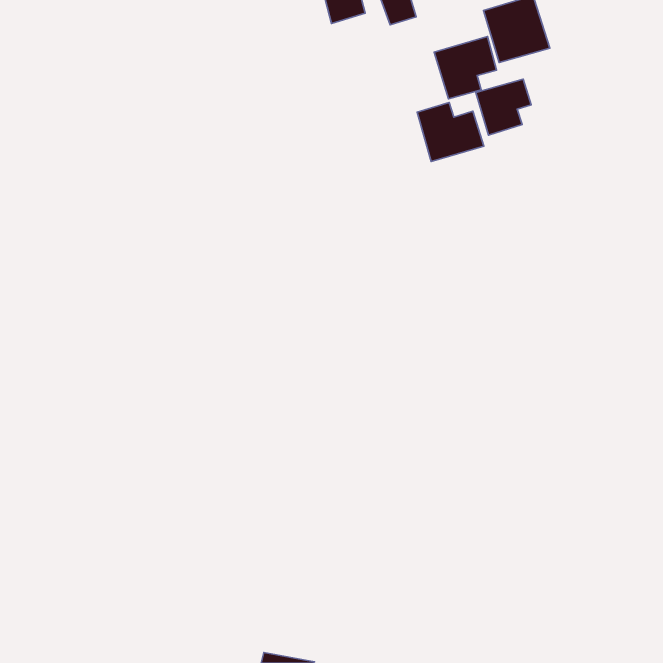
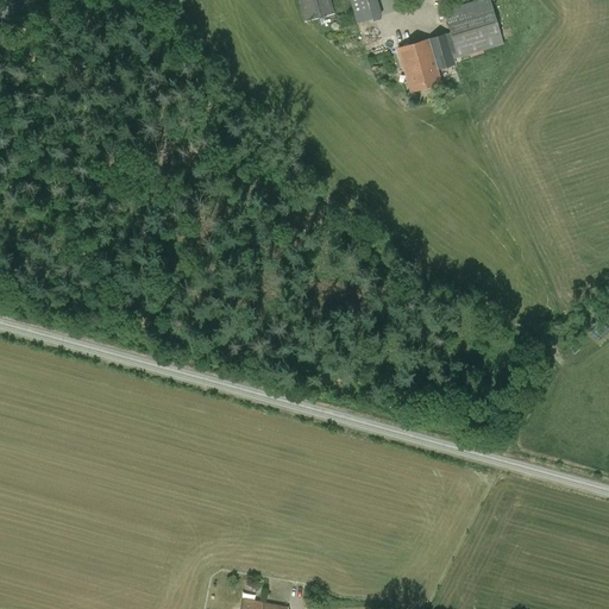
building: [476,79,531,135] -> none
building: [417,103,484,162] -> none

